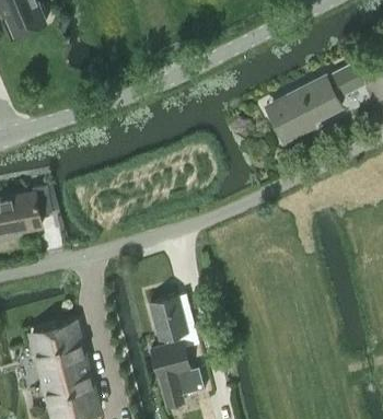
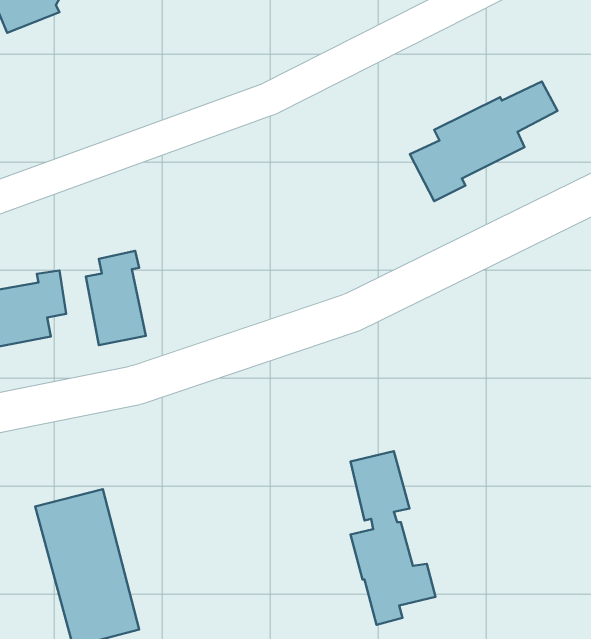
building: none -> [86,251,146,345]
building: [150,296,204,406] -> [350,451,435,625]

